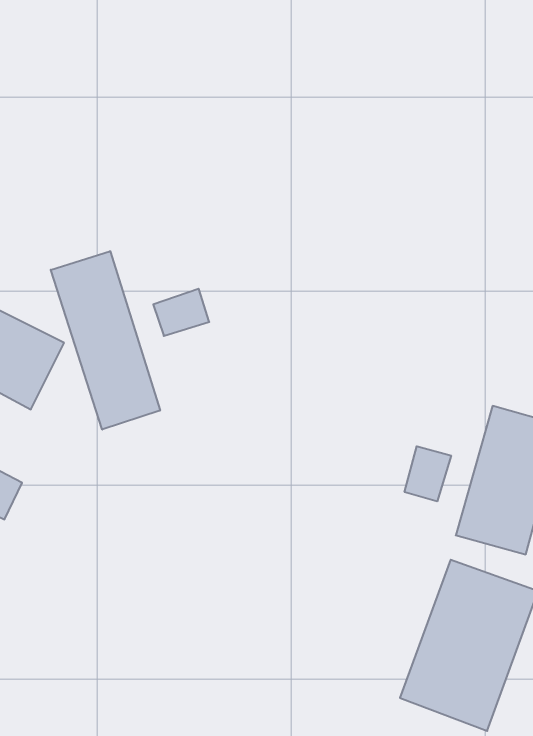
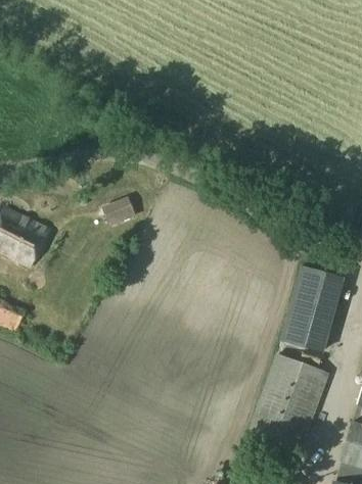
building: [51,251,160,430] -> none
building: [405,446,451,501] -> none

